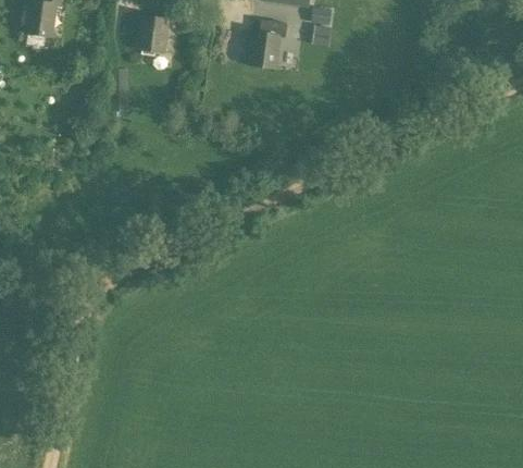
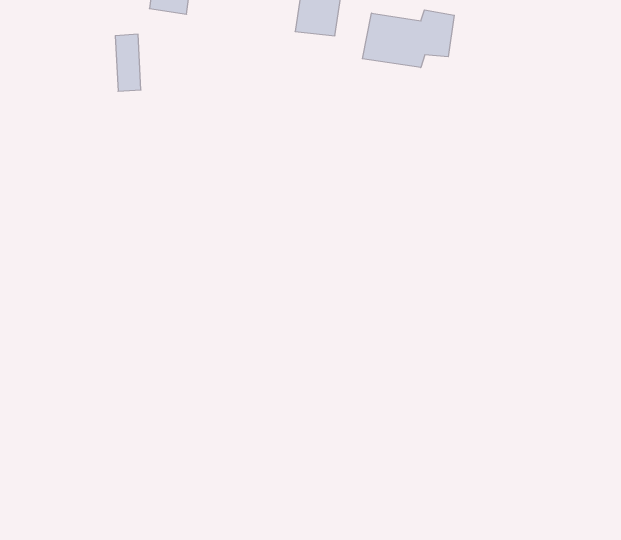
building: none -> [362,10,454,68]

